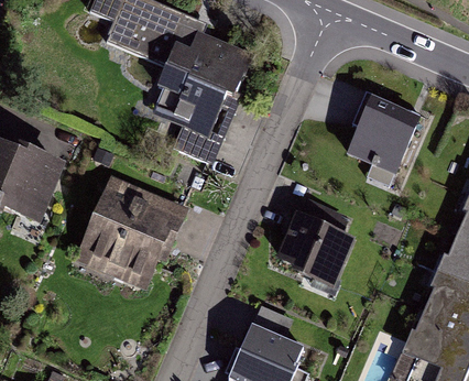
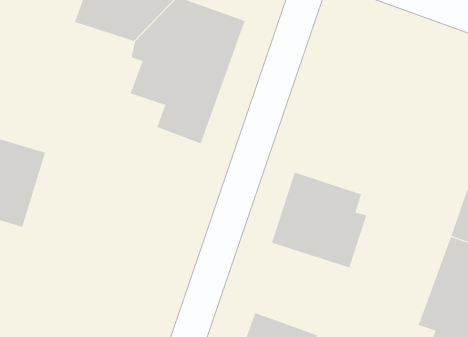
building: [346,96,424,177] -> none
building: [72,173,188,293] -> none

